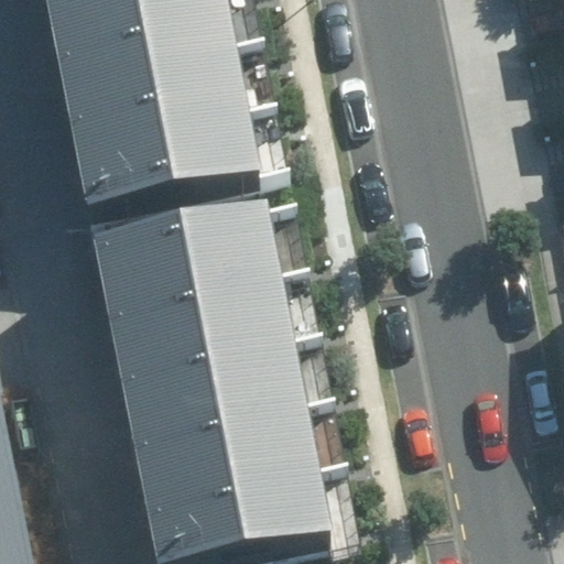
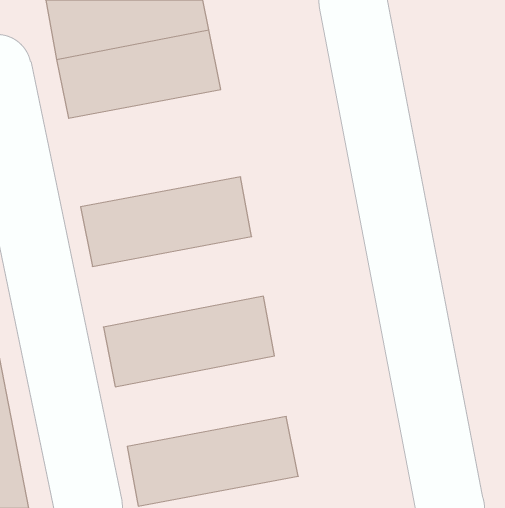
building: [76,99,258,197] -> none
building: [102,262,292,362] -> none
building: [128,394,317,495] -> none

